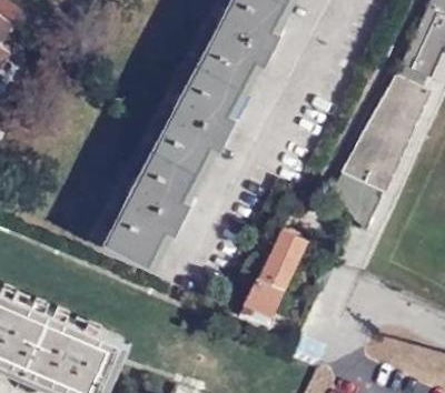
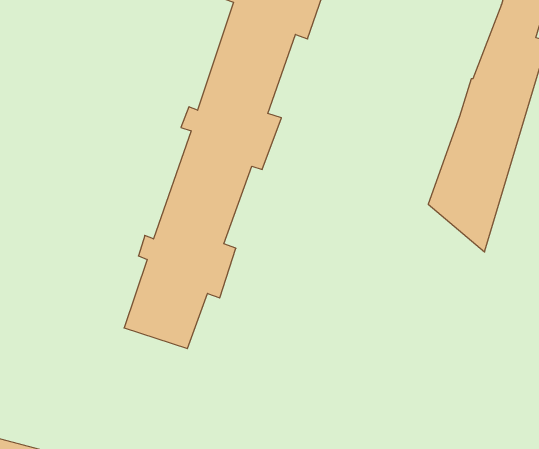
building: [241,239,300,322] -> none

